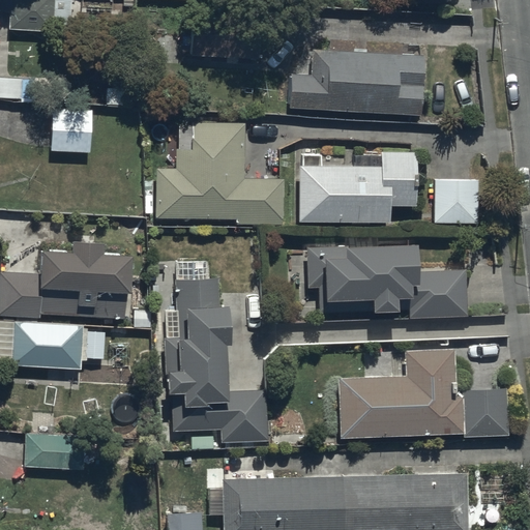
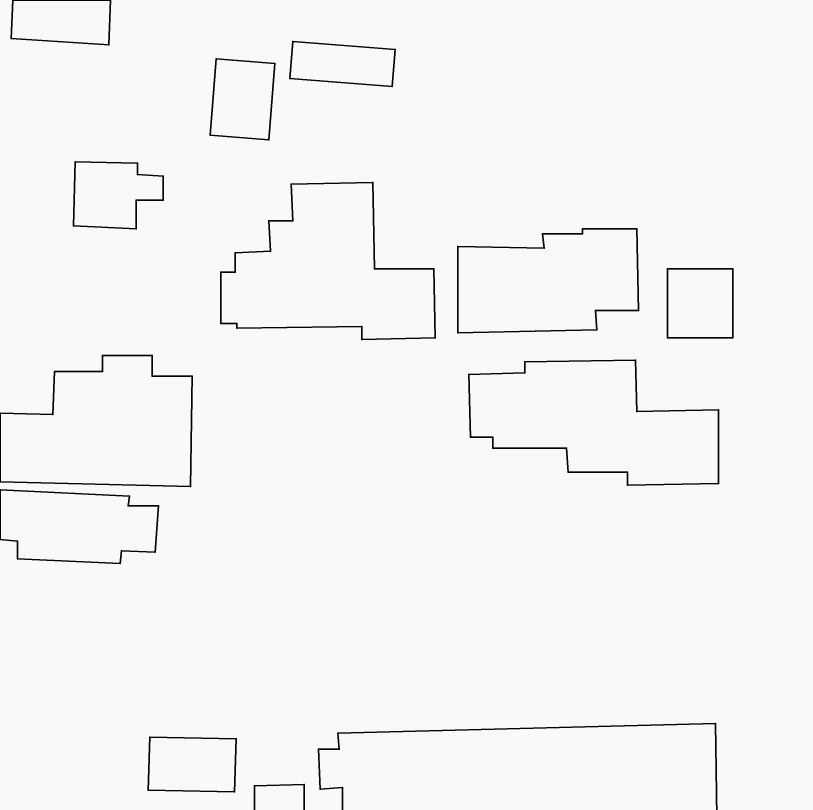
building: none -> [210,59,275,140]
building: [289,48,425,114] -> none
building: [166,262,268,443] -> none
building: [338,347,508,439] -> none
building: [23,435,80,470] -> [148,737,236,792]

